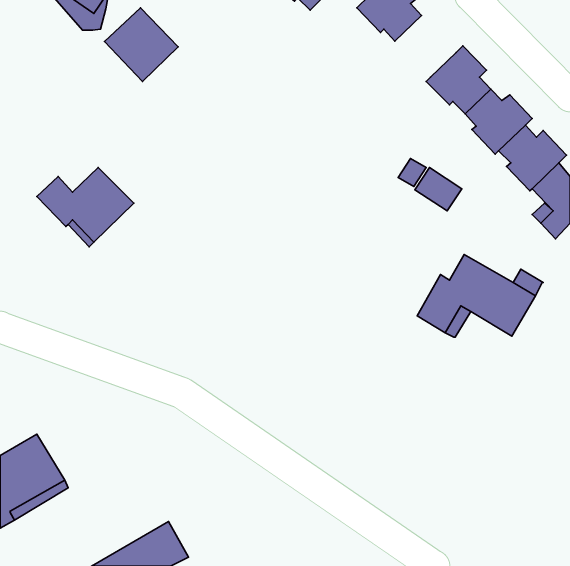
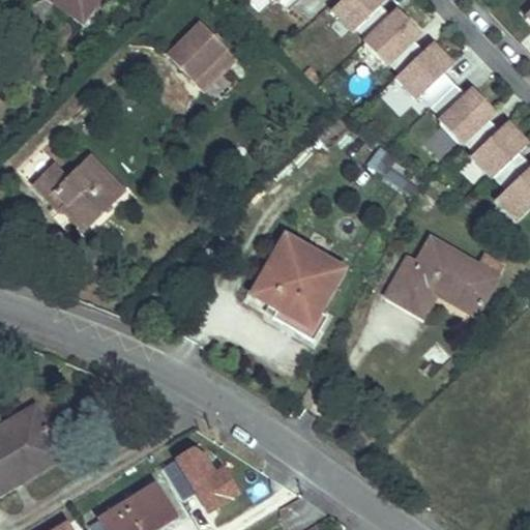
building: [105,8,178,82] -> [167,21,235,89]
building: none -> [363,8,423,71]
building: none -> [254,236,344,338]
building: none -> [167,443,239,519]

